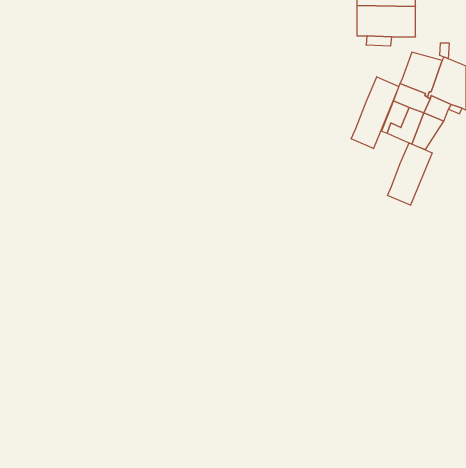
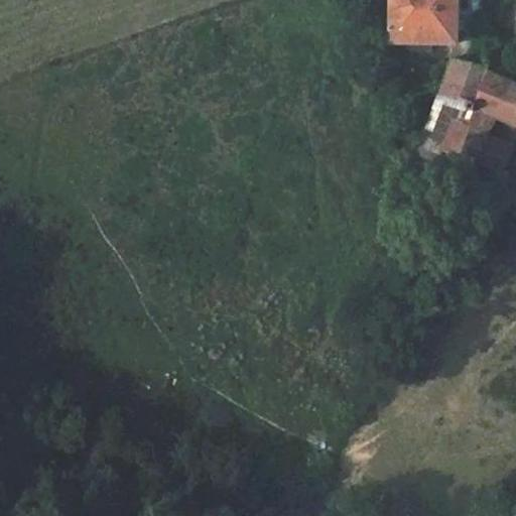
building: [351,77,399,149] -> none
building: [388,143,432,205] -> none

